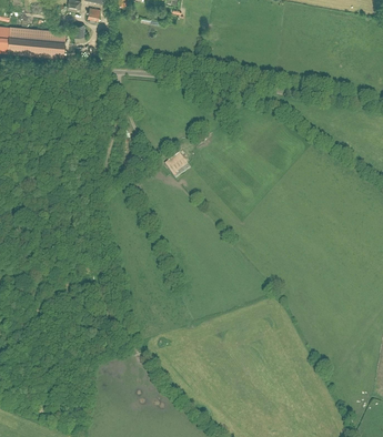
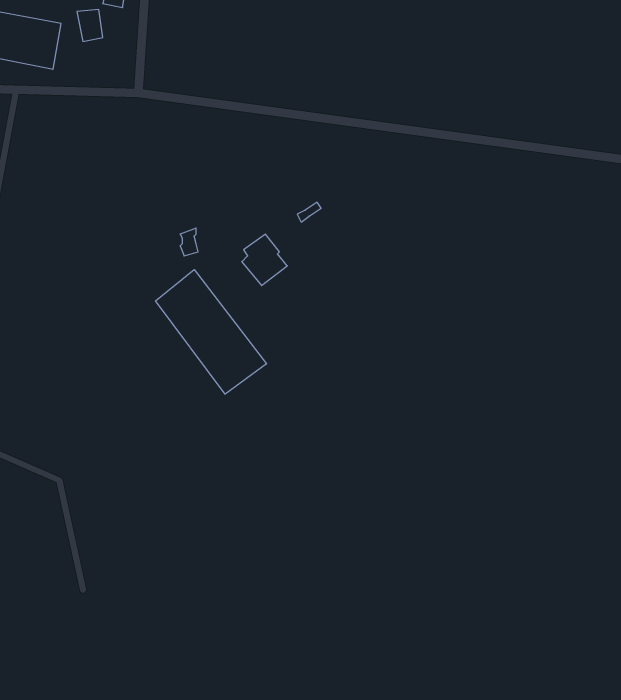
building: none -> [156,270,267,394]

